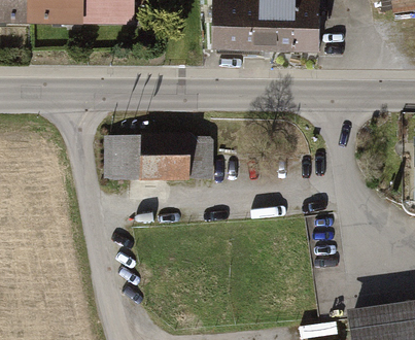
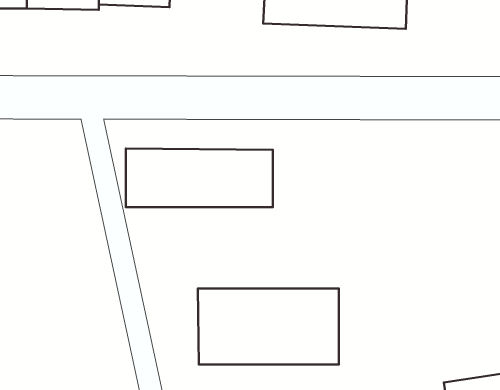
building: none -> [198,288,339,365]

